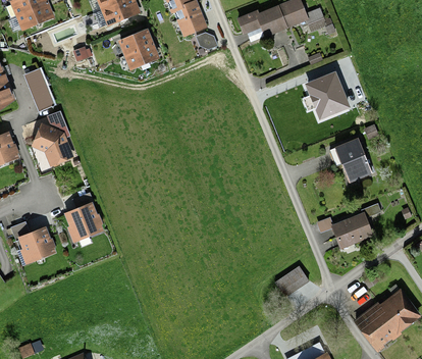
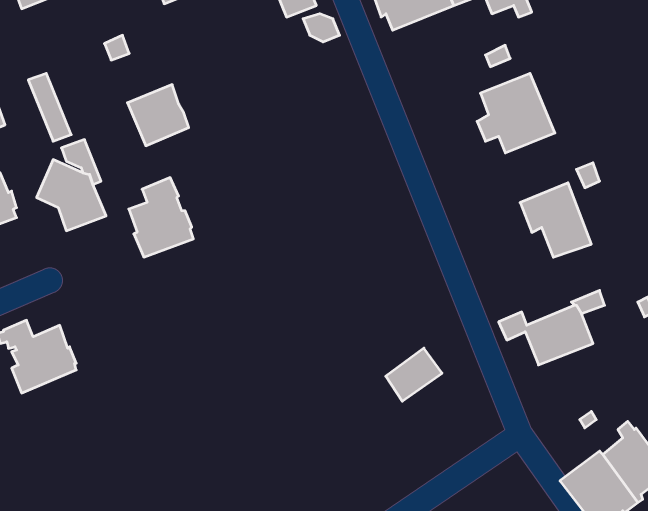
building: [119,32,157,69] -> [127,85,189,146]
building: [63,193,103,242] -> [129,178,193,257]
building: [274,265,309,298] -> [386,348,442,401]

